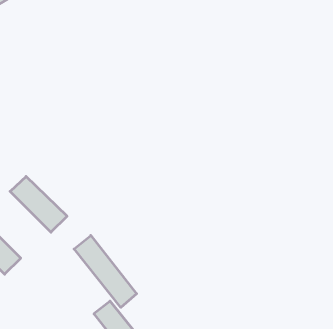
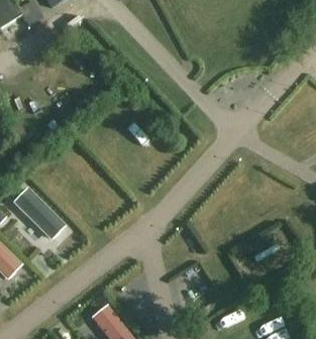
building: [74,235,137,307] -> none

